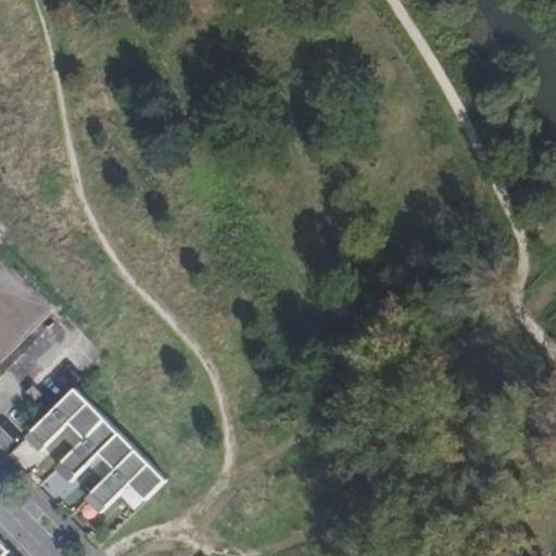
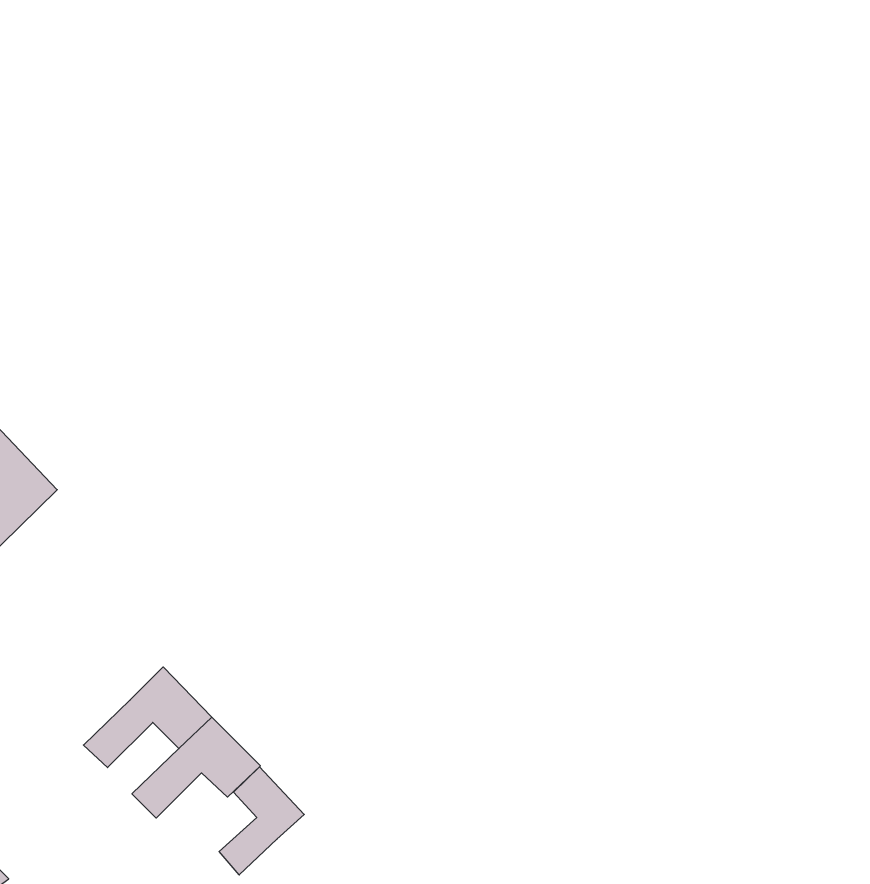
building: [22,389,102,452] -> none
building: none -> [219,767,304,875]

